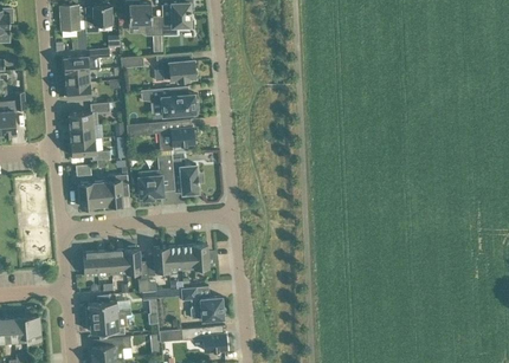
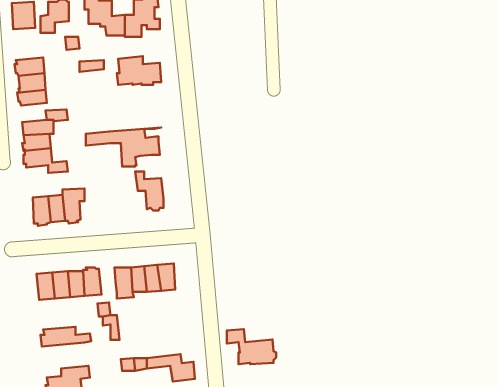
building: [140,86,199,118] -> none
building: [137,154,174,199] -> none
building: [181,286,226,318] -> [227,329,276,364]
building: [86,315,127,335] -> none

